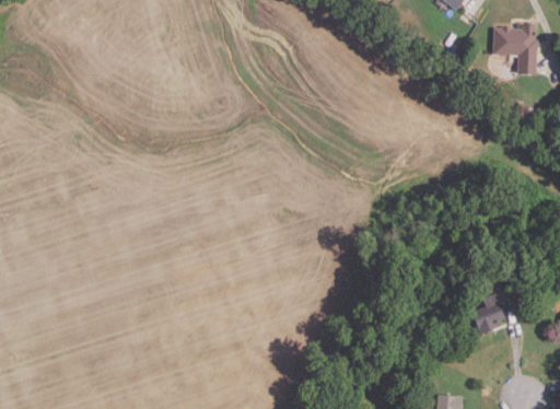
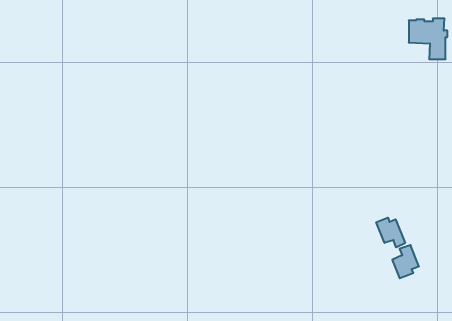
building: none -> [376,218,405,247]

